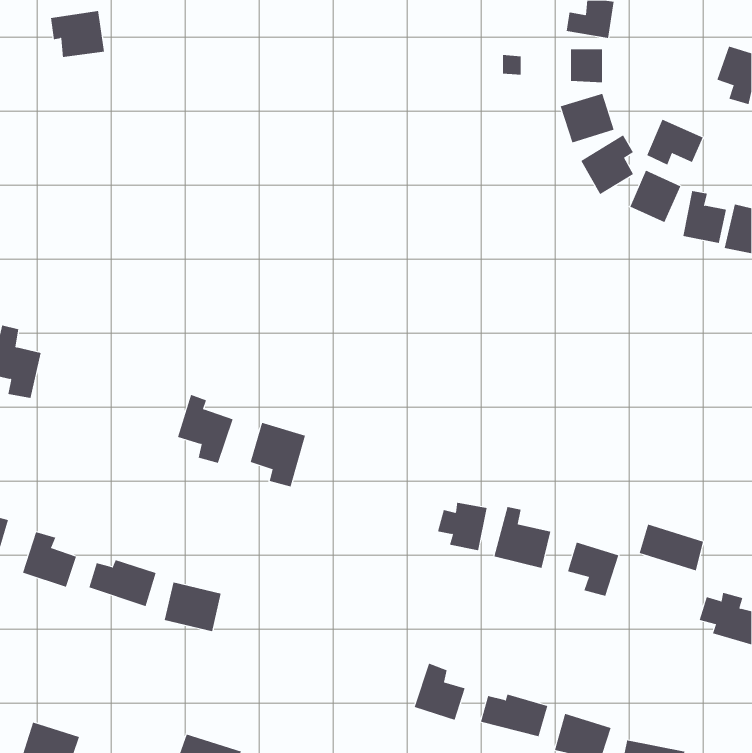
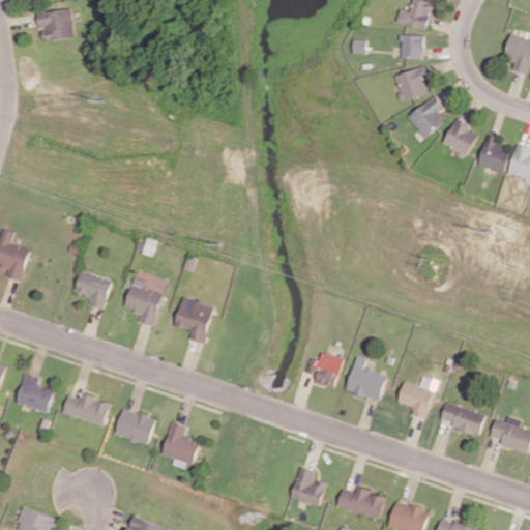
building: [646,119,704,166] -> none
building: none -> [76,271,112,310]
building: [639,524,704,571] -> [439,402,484,435]
building: none -> [161,423,199,468]

